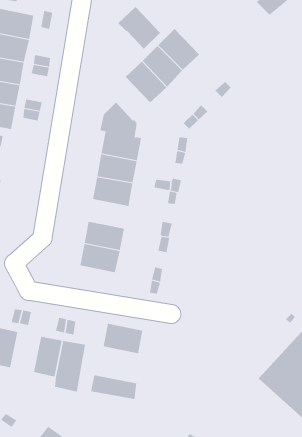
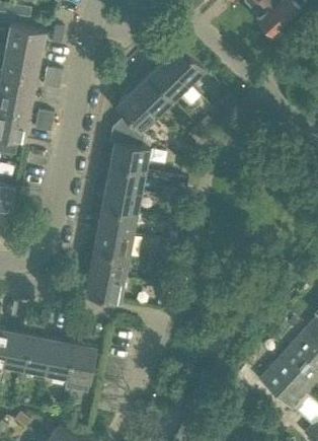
building: [117,6,161,50] -> [115,90,157,132]
building: none -> [97,208,137,236]
building: [103,323,143,354] -> [85,272,124,301]
building: none -> [23,336,52,374]
building: [90,374,137,400] -> none

